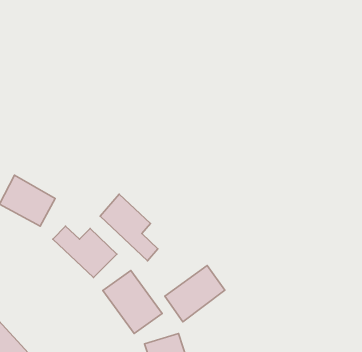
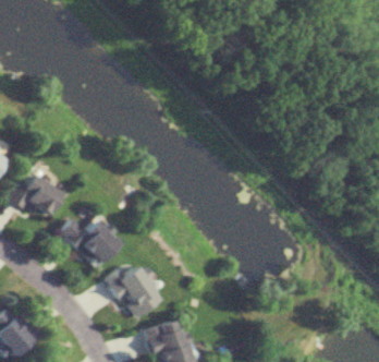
building: [100,194,158,261] -> none
building: [165,266,225,322] -> none

